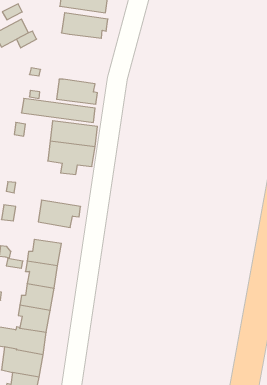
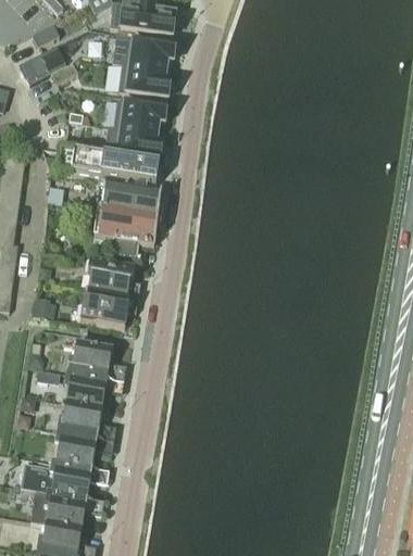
building: none -> [118,65,168,98]
building: none -> [113,100,165,132]
building: none -> [84,261,139,299]

